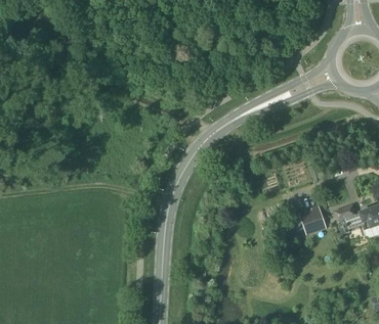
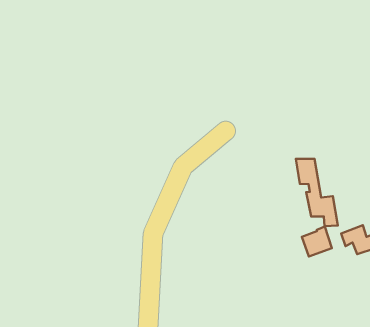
building: none -> [296,159,338,226]

